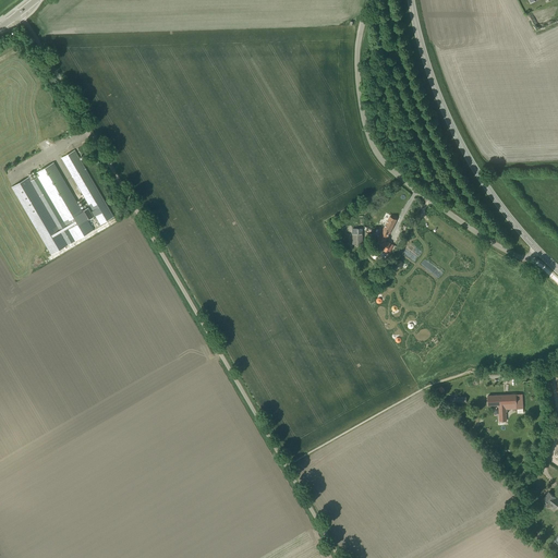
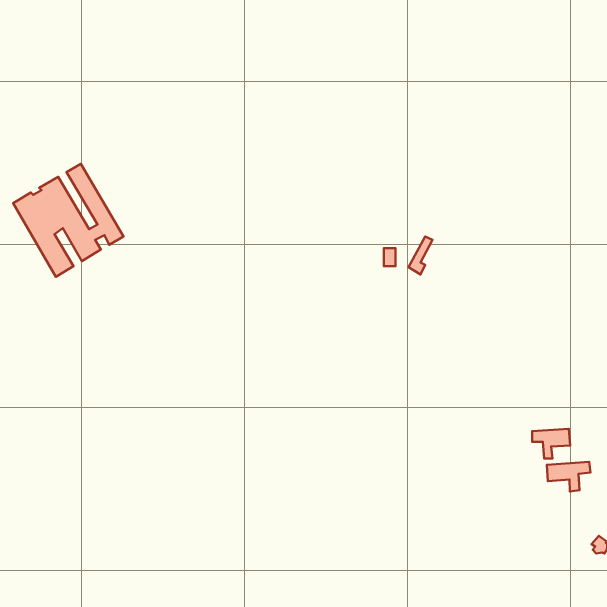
building: none -> [547,462,591,491]

